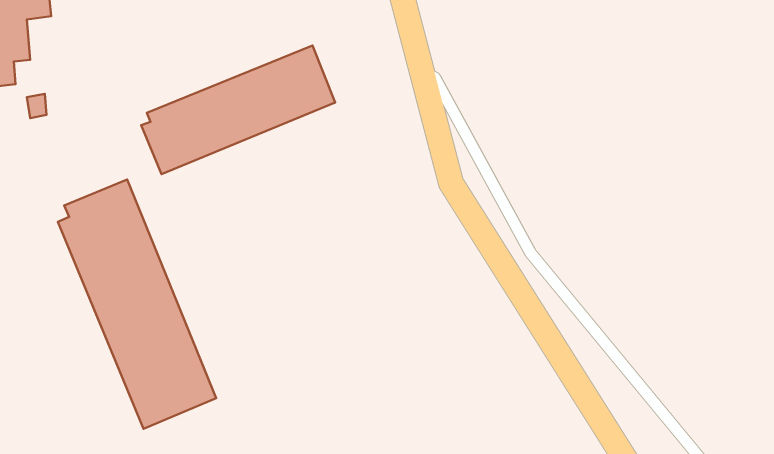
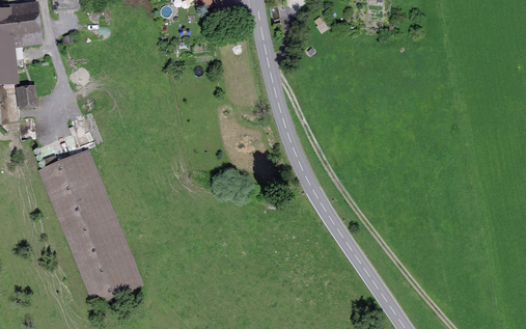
building: [141,46,335,174] -> none

